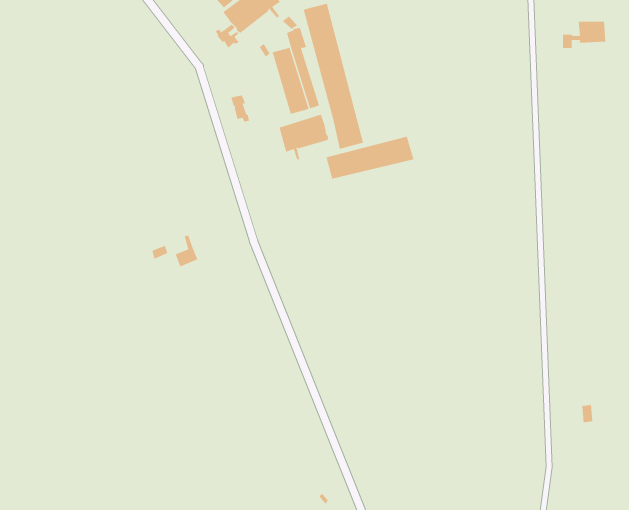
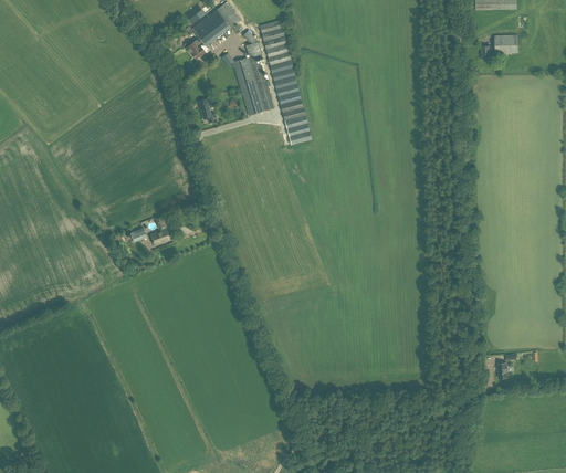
building: [279,114,329,160] -> none
building: [326,136,414,180] -> none

